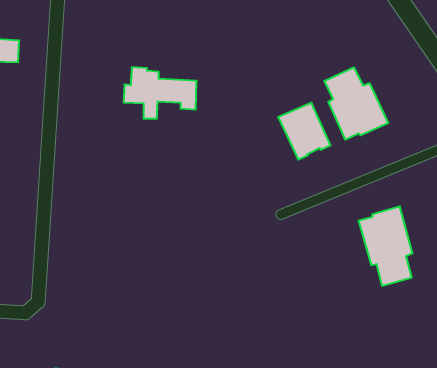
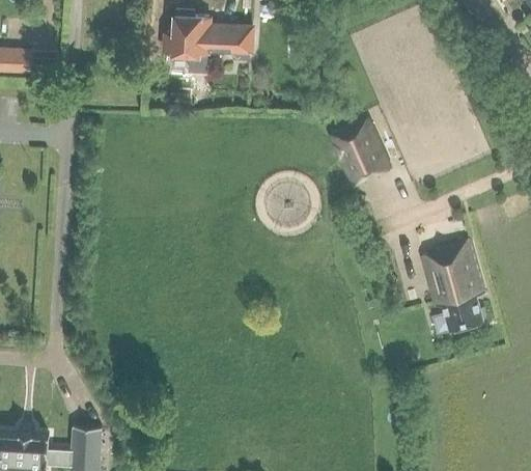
building: [124,67,197,119] -> [167,10,251,70]
building: [324,67,388,140] -> none

